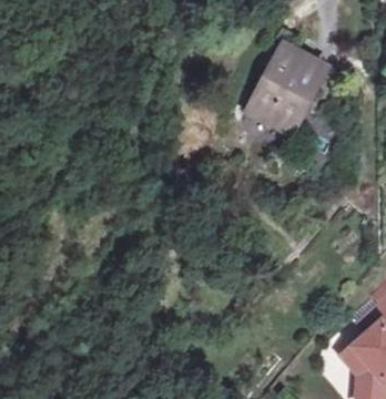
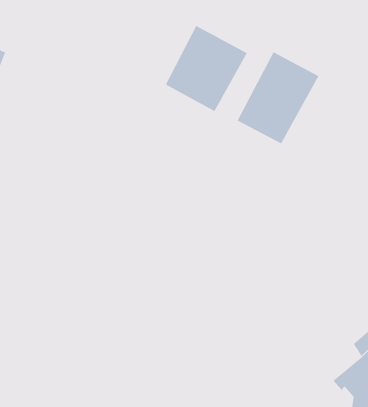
building: none -> [165,25,248,112]

